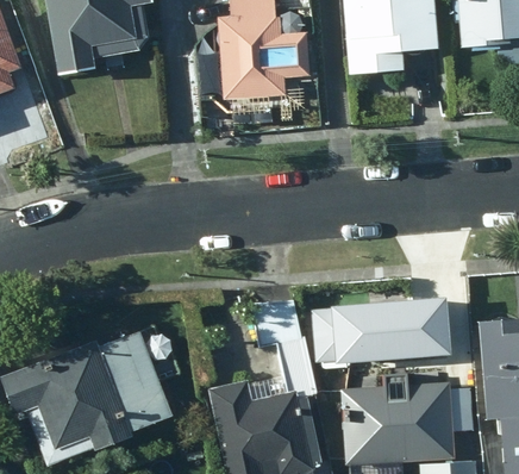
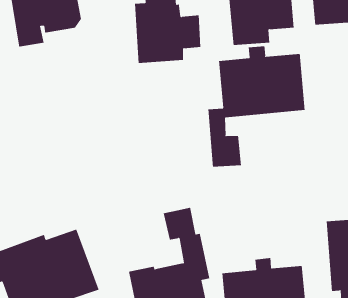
building: none -> [208,45,305,168]
building: [320,287,446,355] -> none

